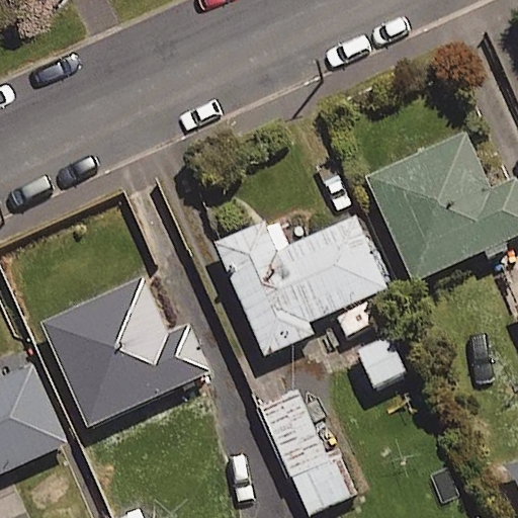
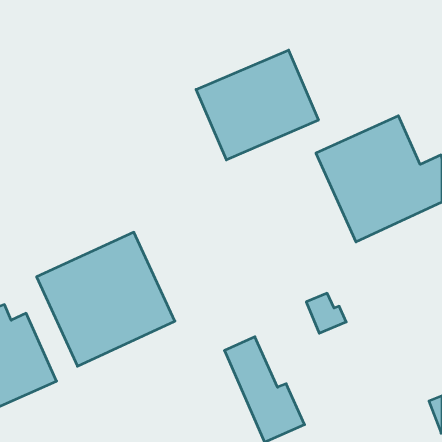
building: none -> [196,50,318,160]
building: [217,219,385,354] -> none

